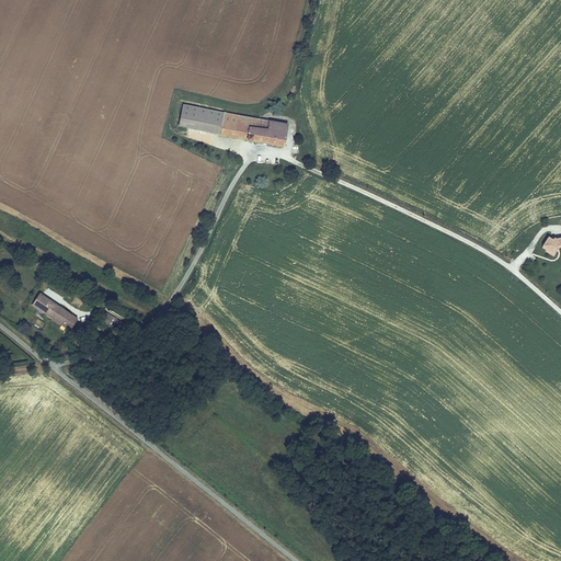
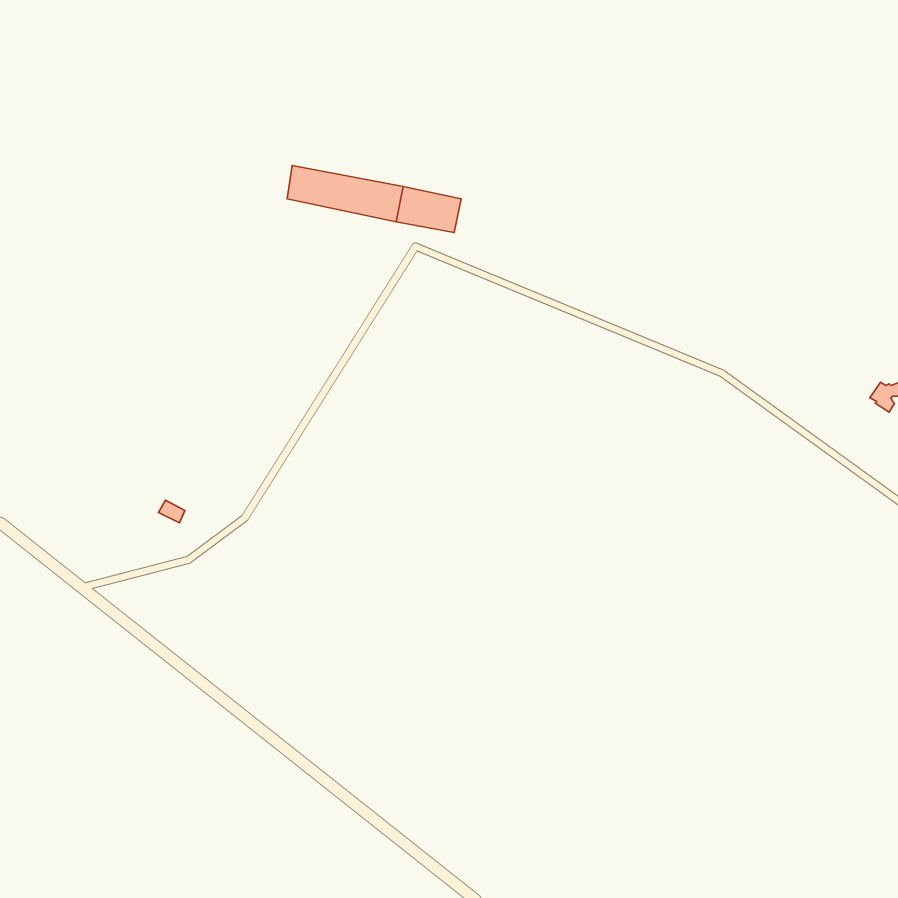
building: [31,293,78,331] -> none

